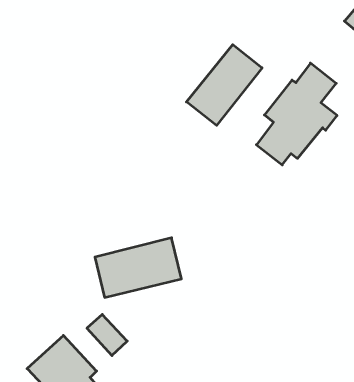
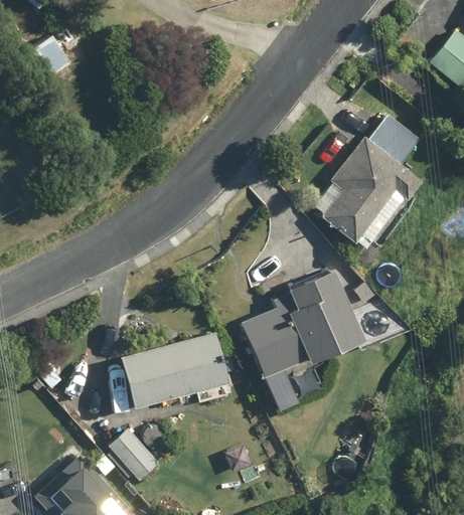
building: [186,45,262,125] -> none
building: none -> [242,268,359,408]

